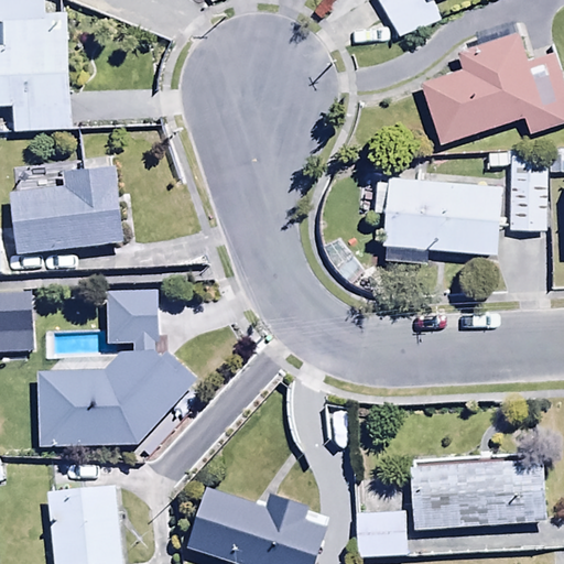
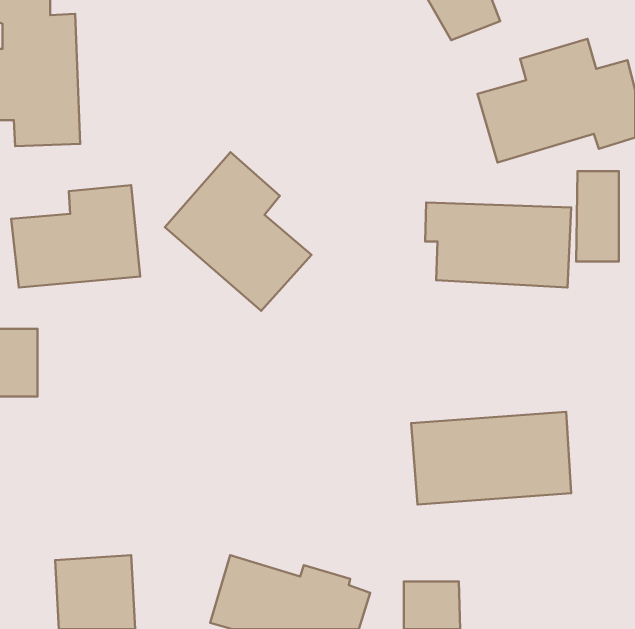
building: none -> [165,152,311,311]
building: [39,292,194,447] -> none
building: [410,449,551,531] -> [411,412,571,504]

